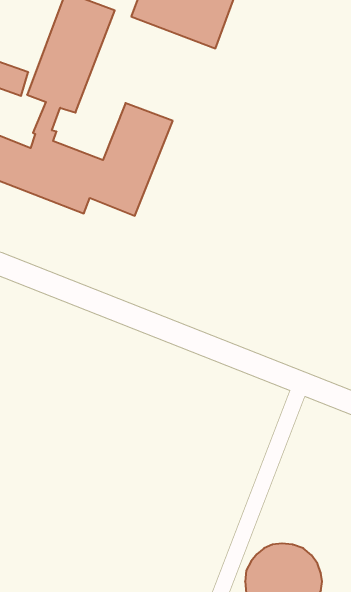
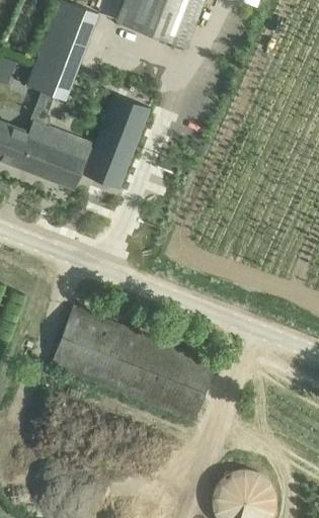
building: none -> [50,308,215,420]

